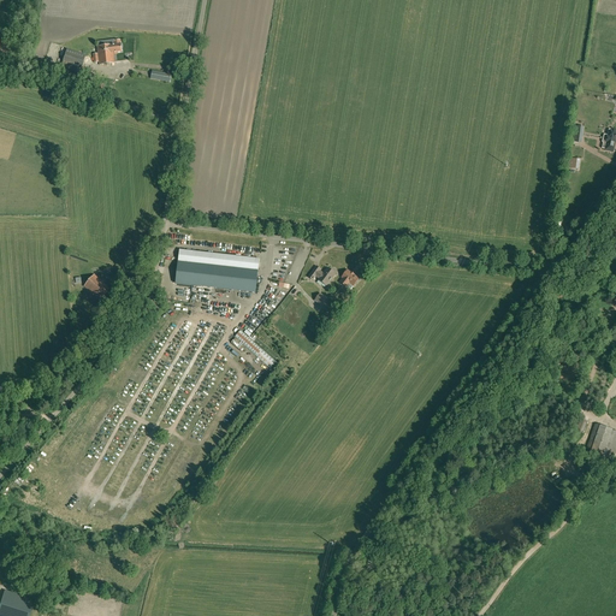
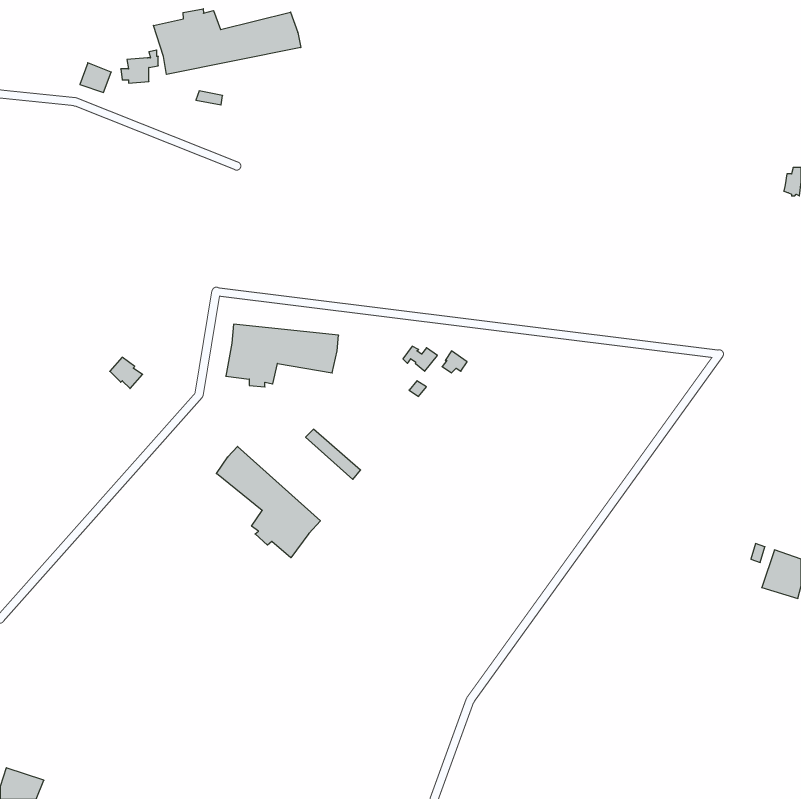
building: none -> [153,9,301,74]
building: none -> [216,446,320,558]

